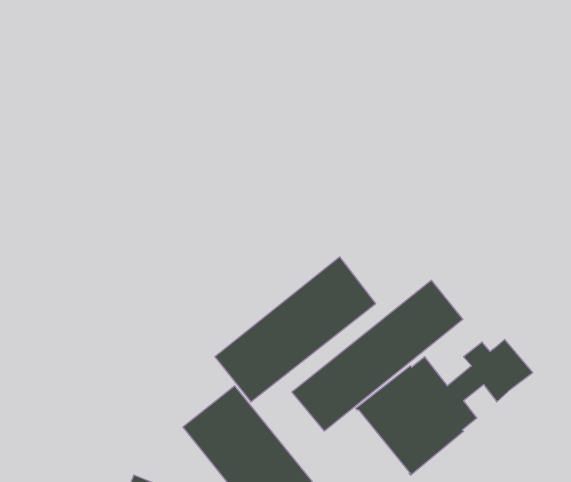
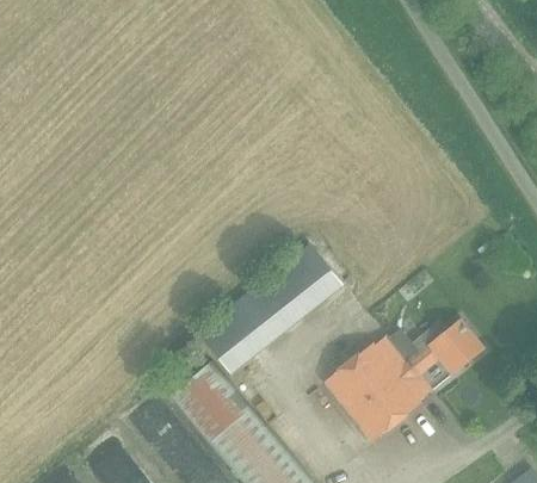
building: [292,280,463,431] -> none

